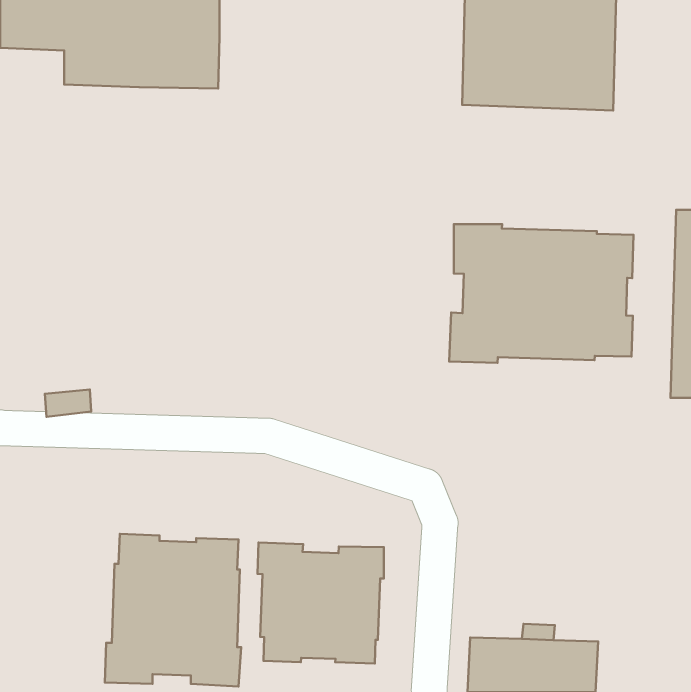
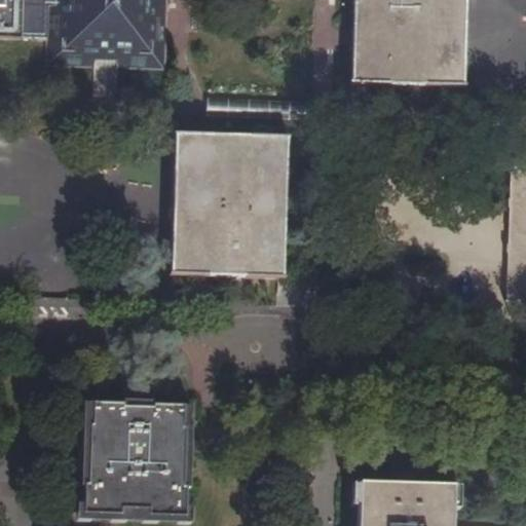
building: none -> [173,130,290,276]
building: [449,224,633,363] -> none
building: [257,543,384,664] -> none

